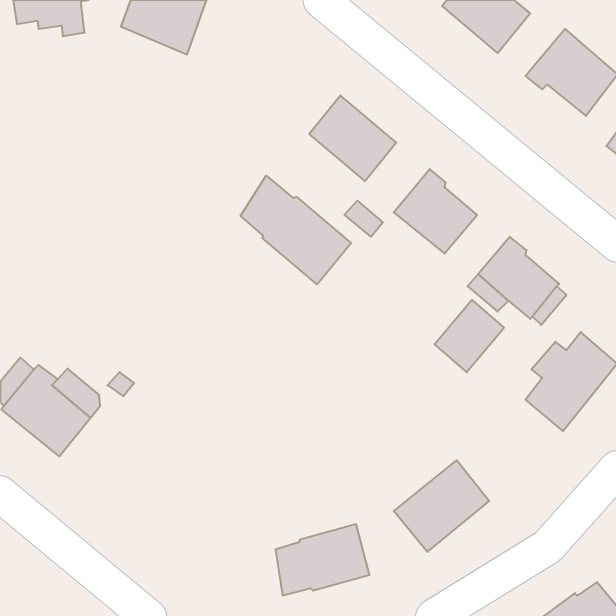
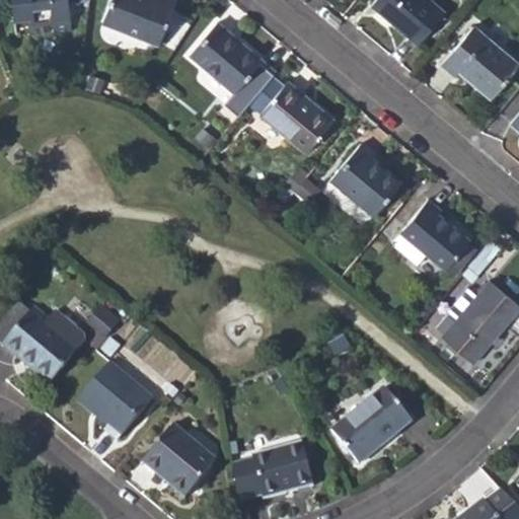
building: none -> [190,21,273,115]
building: [240,176,351,285] -> none
building: [435,300,504,372] -> none
building: none -> [77,360,153,440]
building: none -> [142,425,216,497]

